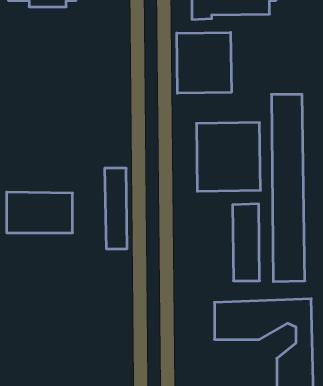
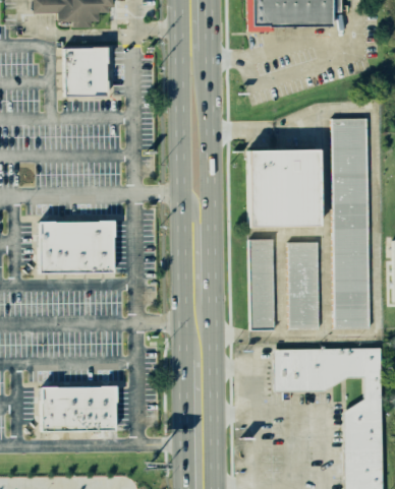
building: none -> [59,46,105,91]
building: [177,32,231,93] -> none
building: [105,168,127,249] -> [250,238,276,328]
building: none -> [39,384,113,430]

